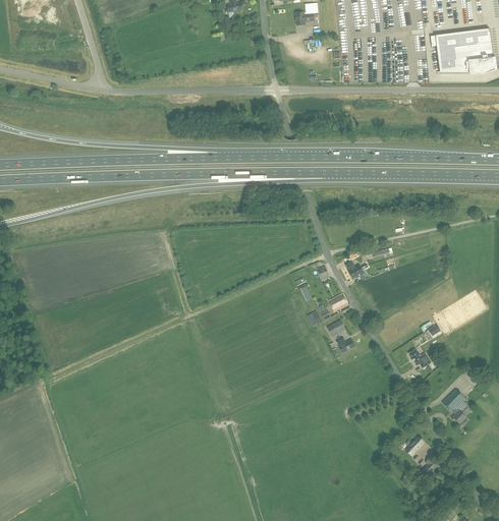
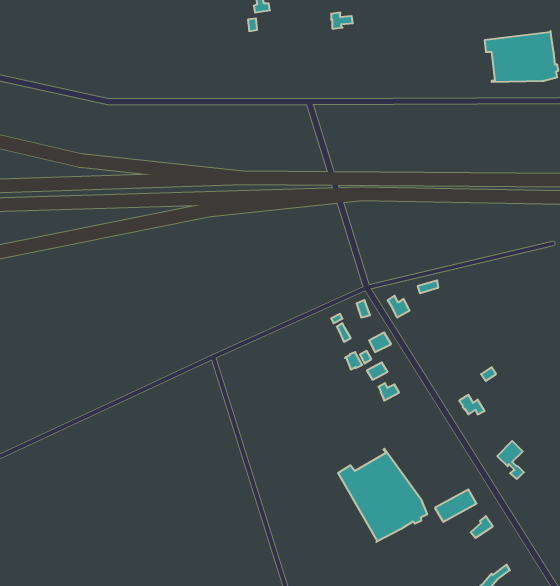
building: none -> [338,449,427,542]

